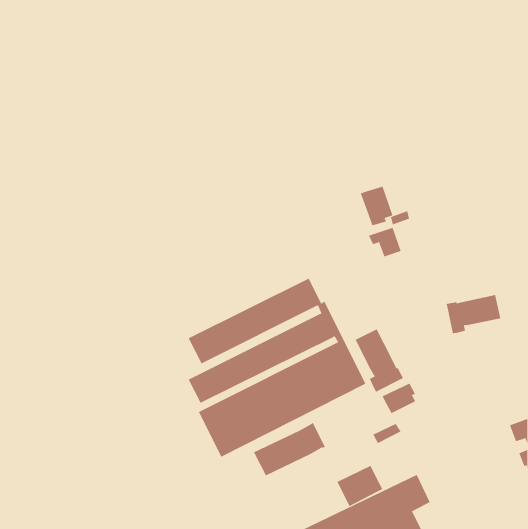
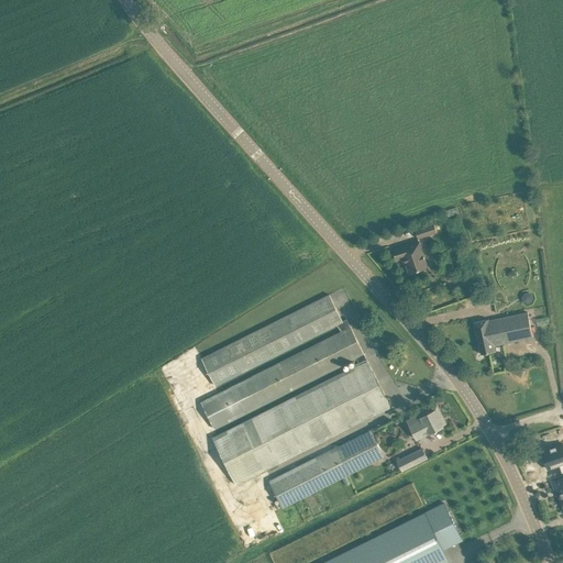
building: [360,186,393,226] -> none
building: [355,328,404,392] -> none
building: [337,465,383,507] -> [332,431,382,475]

